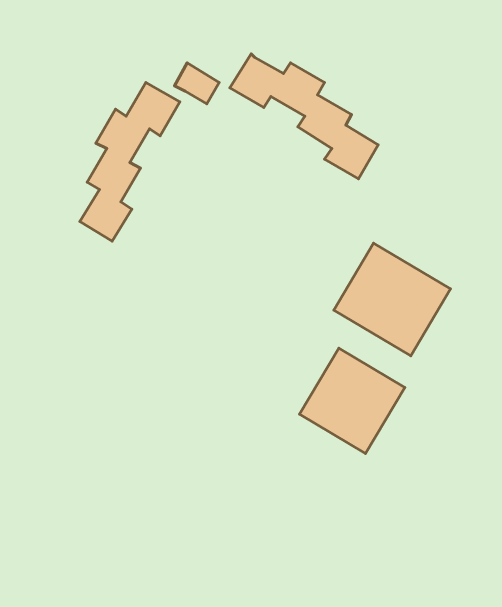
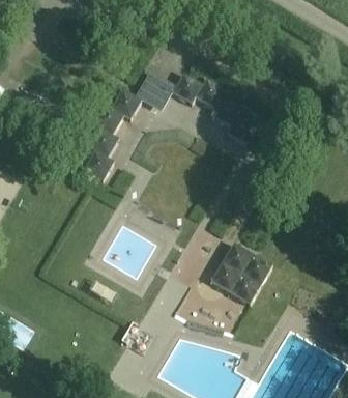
building: [334,243,450,356] -> none

